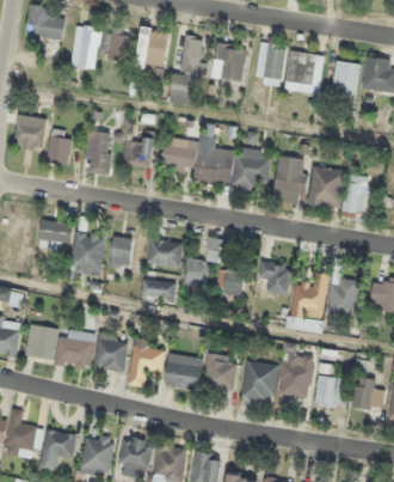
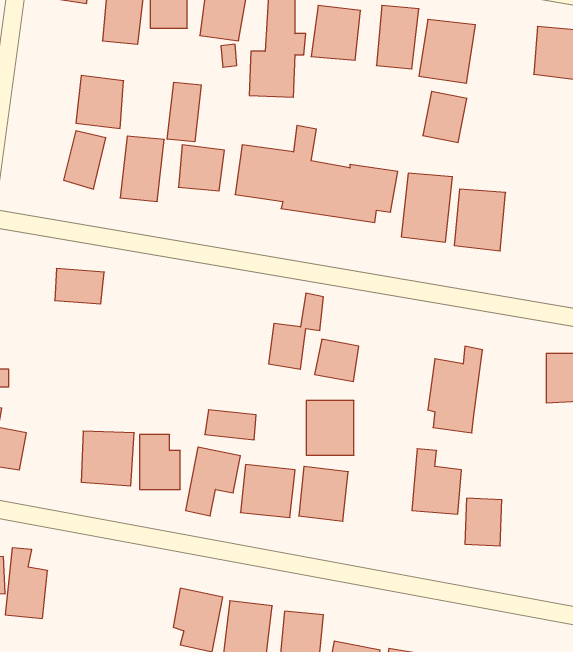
building: [331,60,361,94] -> [423,91,467,143]
building: none -> [167,82,201,142]
building: [14,115,47,151] -> [76,75,124,128]
building: [344,175,369,218] -> none
building: [70,231,105,276] -> none
building: [111,238,136,268] -> none
building: [147,238,183,267] -> none
building: [258,260,291,294] -> none
building: [328,277,358,318] -> none
building: [141,279,176,299] -> [205,410,256,440]
building: [24,323,57,360] -> none
building: [245,362,277,399] -> [306,401,354,455]
building: [353,378,383,410] -> none
building: [42,431,73,469] -> none
building: [80,433,115,475] -> none

